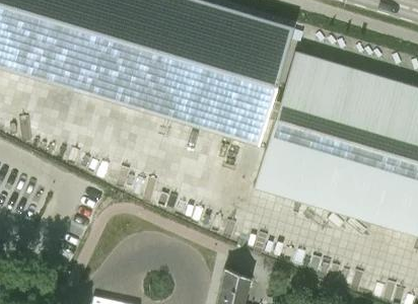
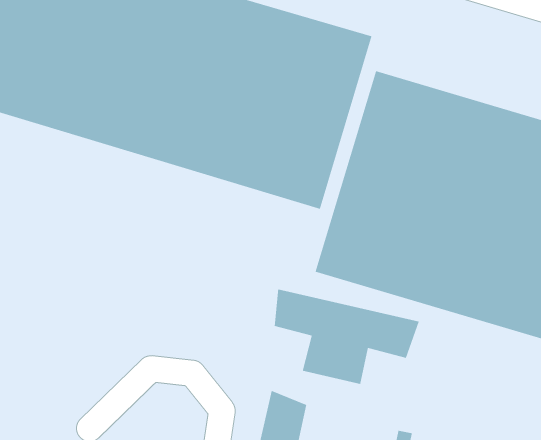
building: none -> [274,289,420,385]

